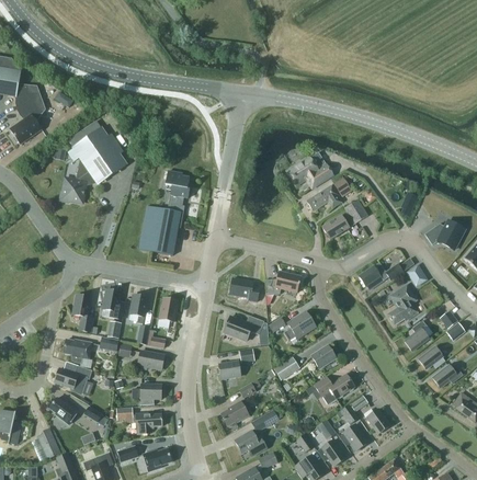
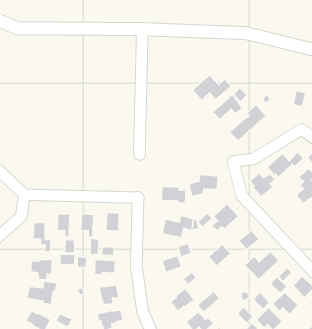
building: [59,121,126,202] -> none
building: [138,170,189,255] -> none
building: none -> [249,173,275,197]

